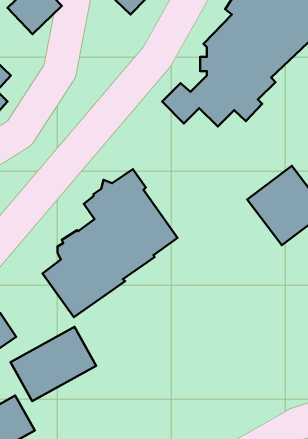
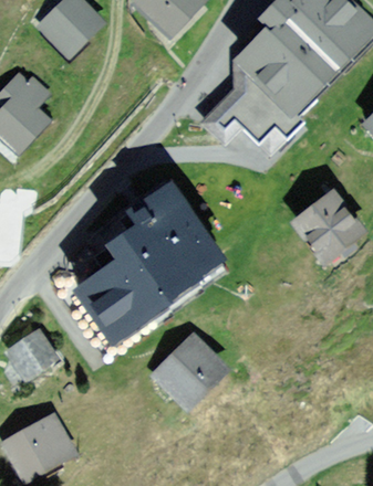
building: none -> [160,339,219,398]
building: [10,327,96,401] -> none

